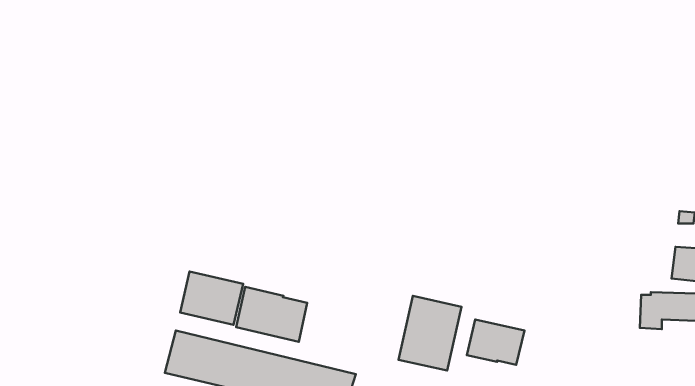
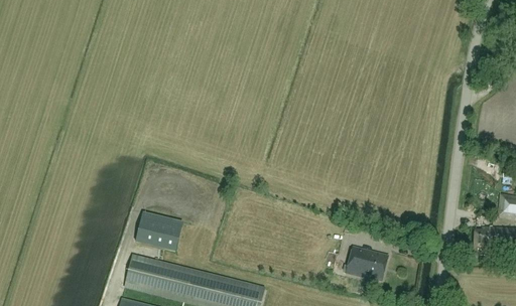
building: [236,287,307,342] -> none
building: [398,296,462,371] -> none

